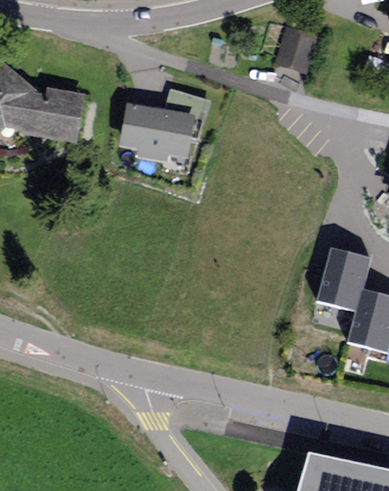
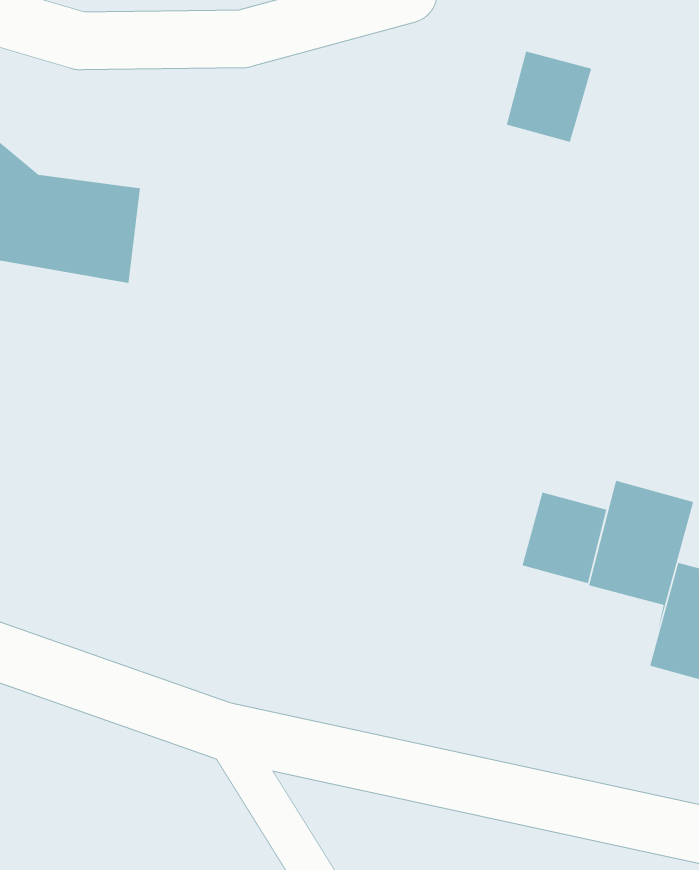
building: [124,89,208,155] -> none
building: none -> [521,492,607,584]

